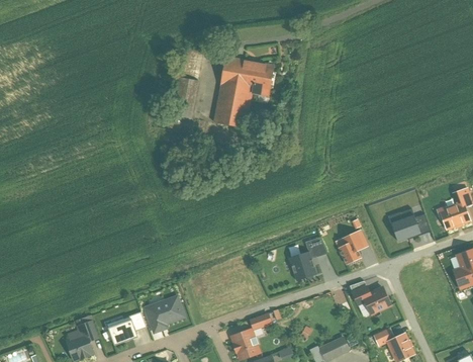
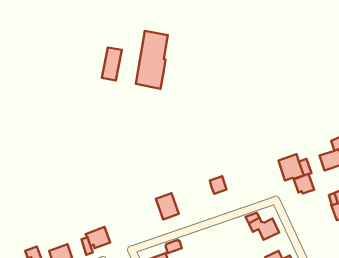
building: [249,63,274,96] -> none
building: [338,230,367,264] -> none
building: none -> [294,174,314,194]
building: [288,249,316,281] -> [156,193,179,220]

